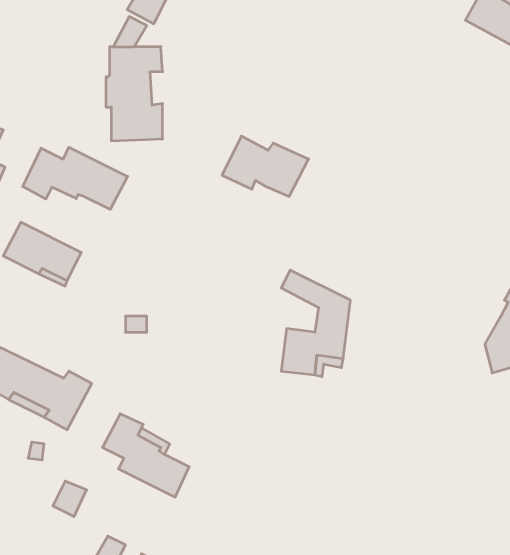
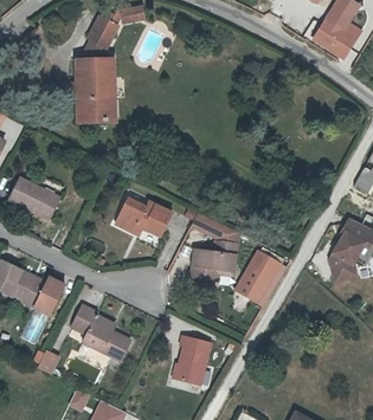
building: [222,136,309,196] -> [115,196,173,237]
building: [23,147,128,209] -> none
building: none -> [238,247,288,301]
building: none -> [176,334,213,382]

